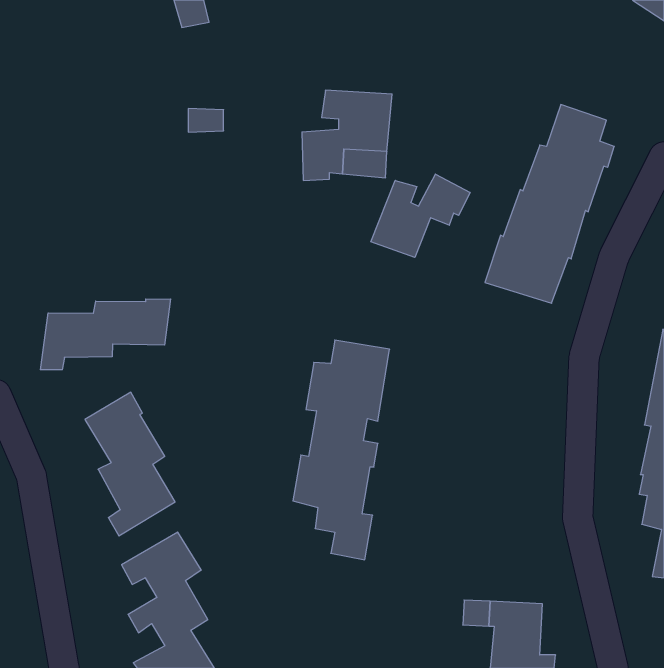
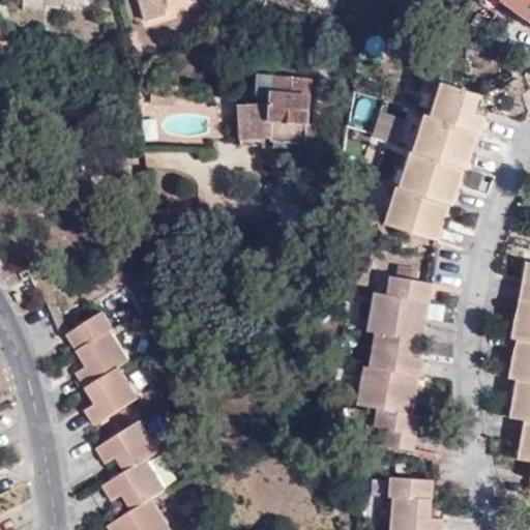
building: [371,174,470,257] -> none
building: [40,299,170,370] -> none
building: [293,340,390,560] -> [354,275,431,449]

